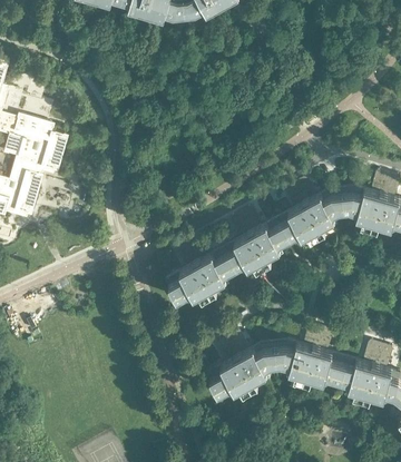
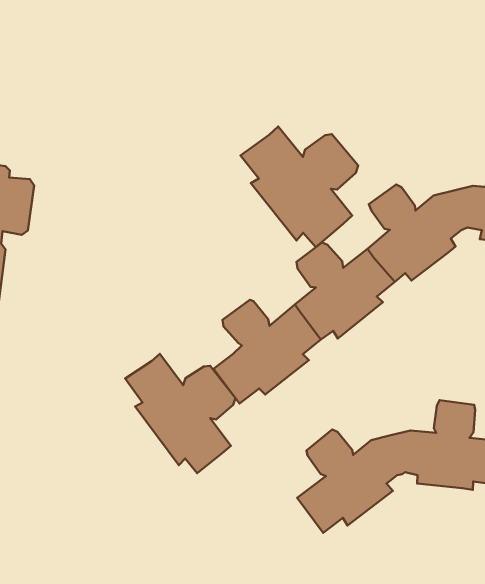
building: none -> [241,126,358,247]
building: none -> [125,354,235,473]

